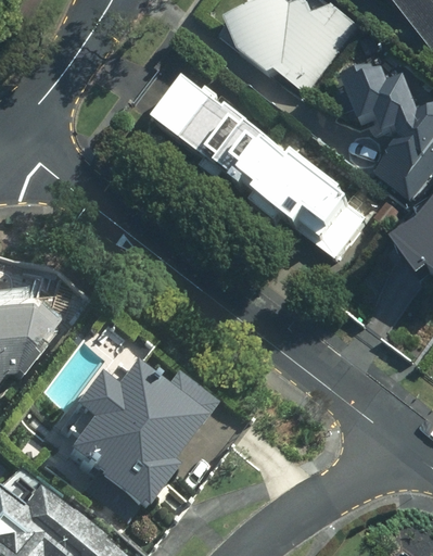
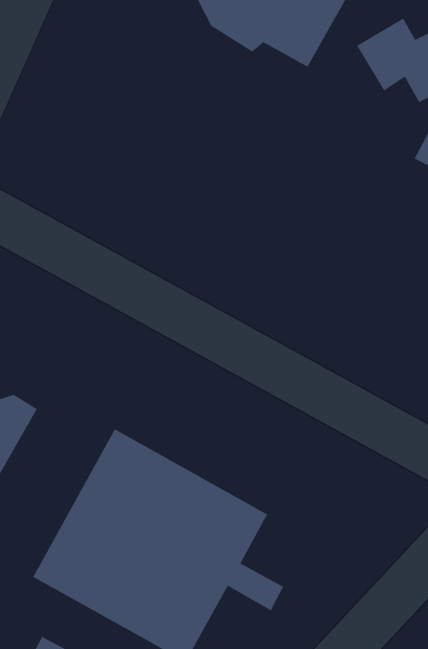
building: [155,76,364,255] -> none

